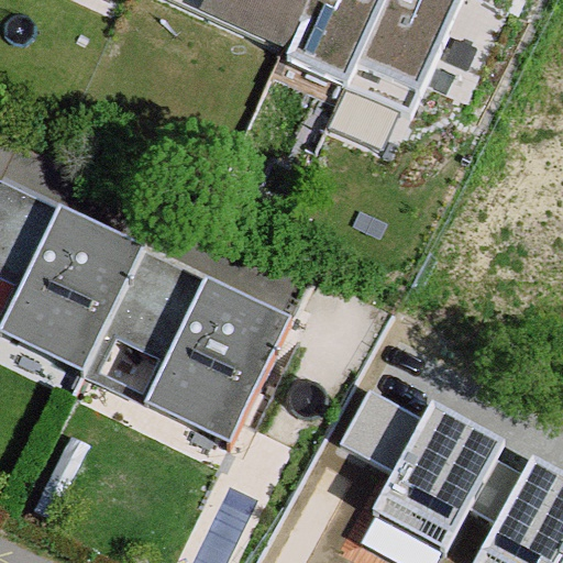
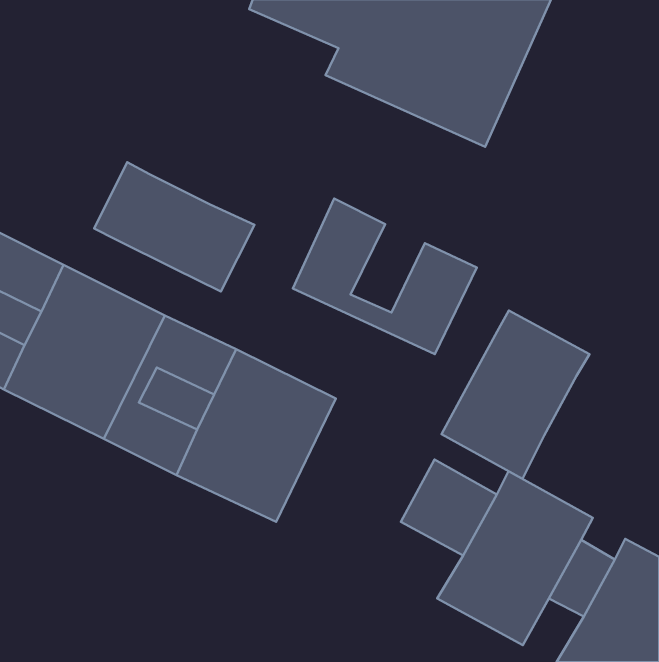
building: none -> [94,162,255,292]
building: none -> [293,199,477,354]
building: none -> [441,310,589,479]

